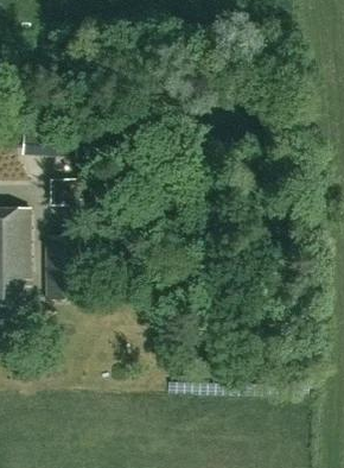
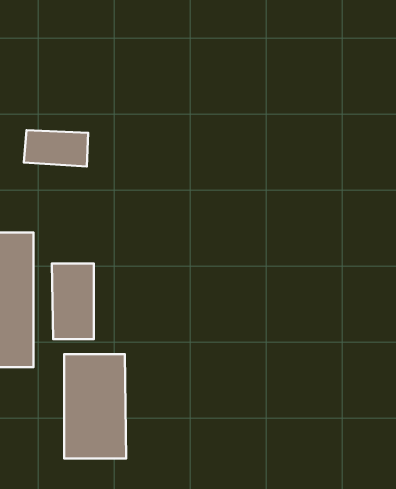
building: none -> [64,354,126,458]

